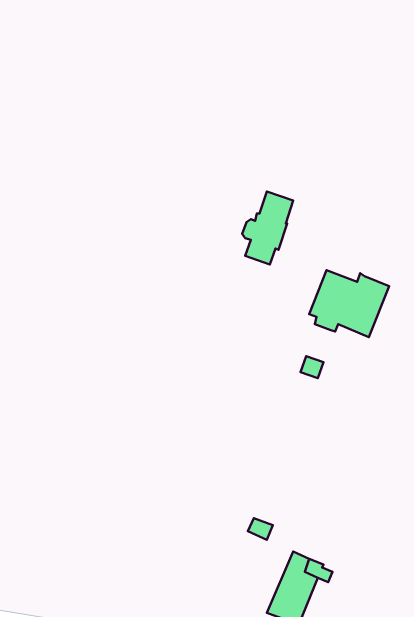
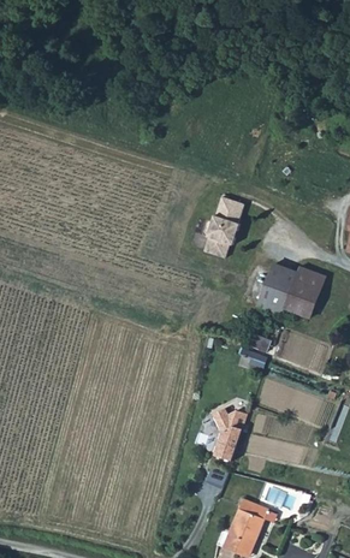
building: none -> [210,406,248,461]

